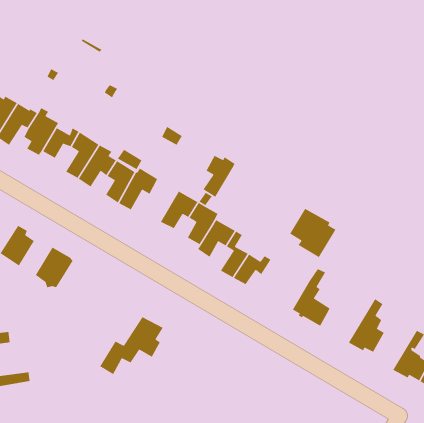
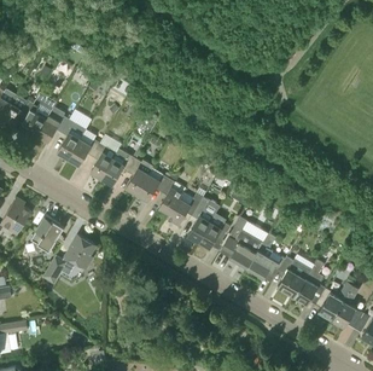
building: [203,155,236,198] -> [126,160,153,196]
building: [289,208,336,258] -> [222,227,262,269]
building: none -> [278,257,311,297]
building: [99,316,164,375] -> [42,236,97,285]
building: none -> [316,283,352,320]

